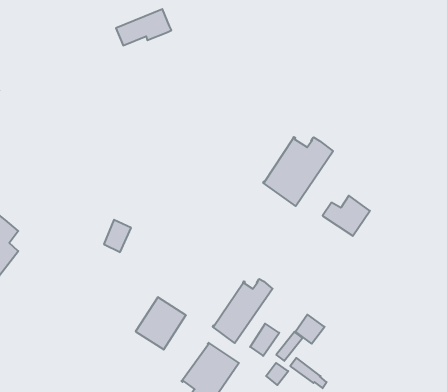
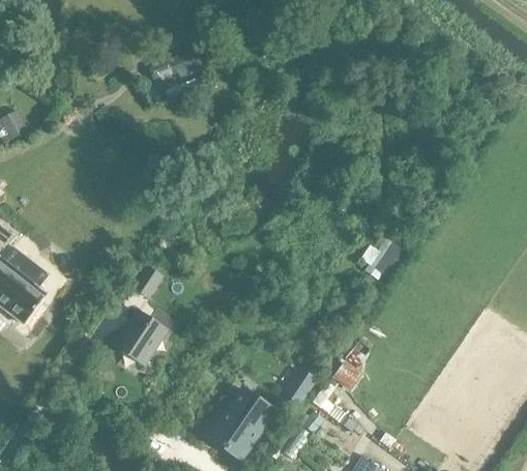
building: [263,137,333,206] -> none
building: [213,279,273,343] -> none
building: [136,297,186,350] -> [114,312,166,365]

